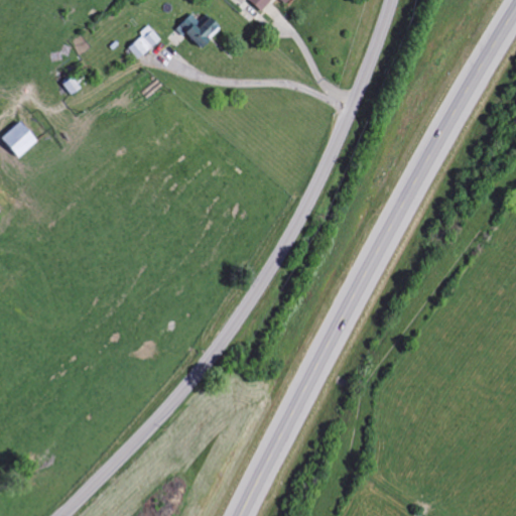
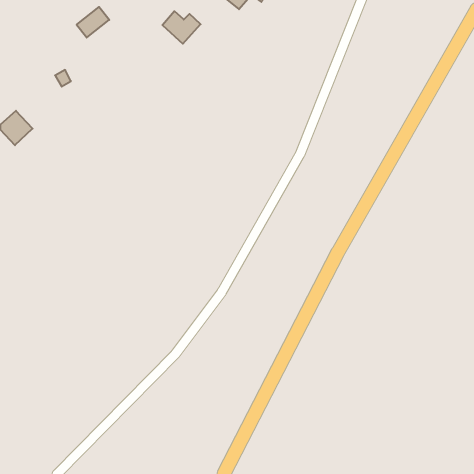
building: [127,25,162,58] -> [77,7,109,38]

